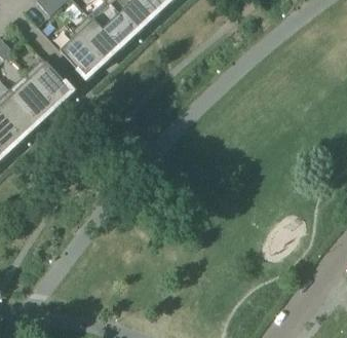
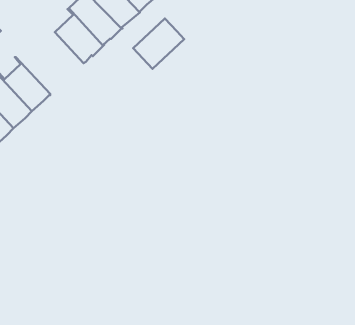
building: none -> [133,19,184,69]
building: [25,58,73,107] -> none

